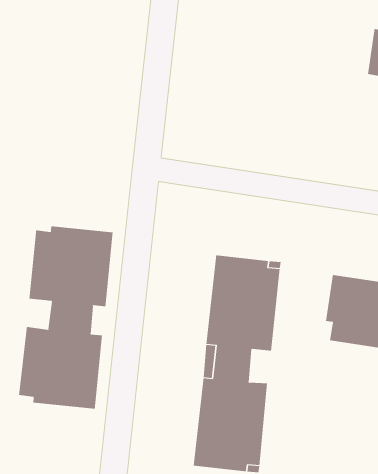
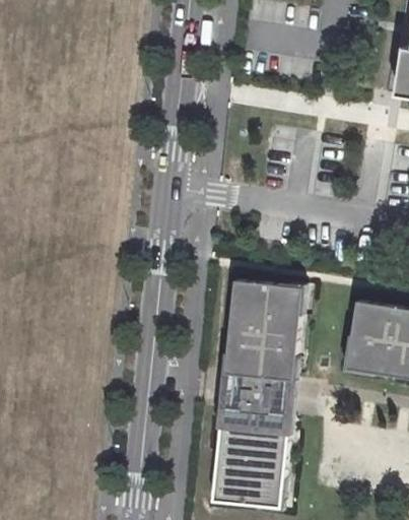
building: [18,226,113,409] -> none

